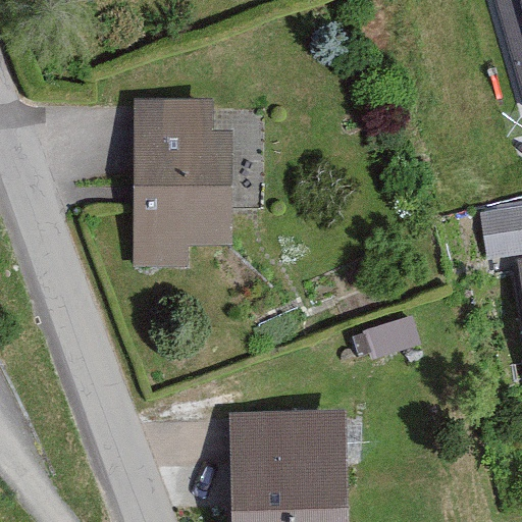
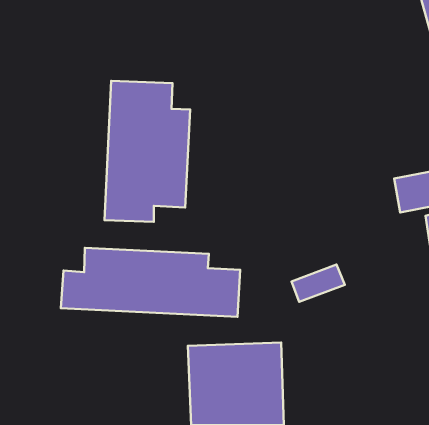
building: none -> [61,248,240,317]

